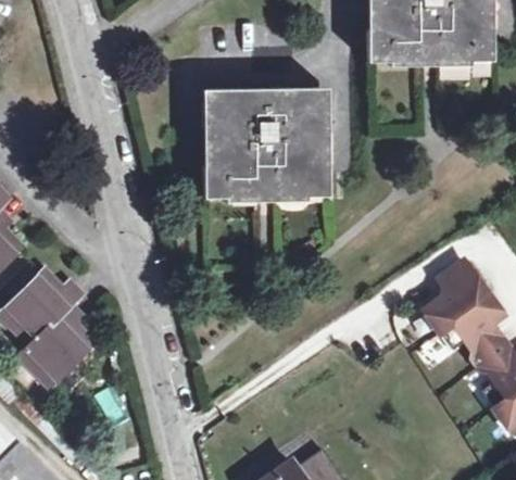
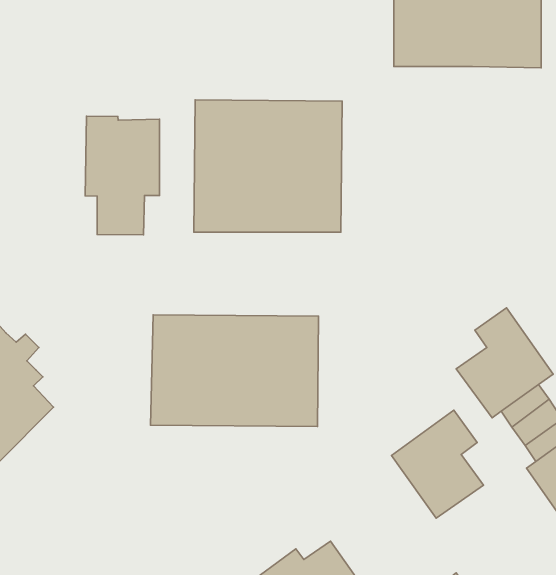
building: none -> [85,116,159,235]
building: none -> [151,315,319,427]
building: none -> [392,410,484,518]

